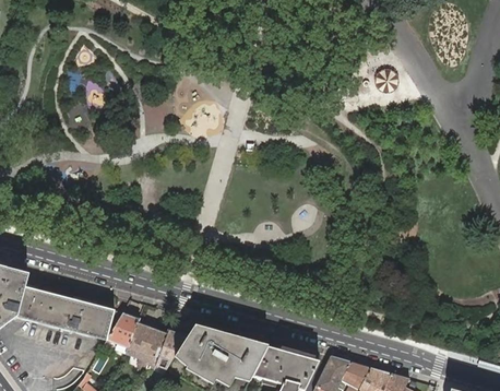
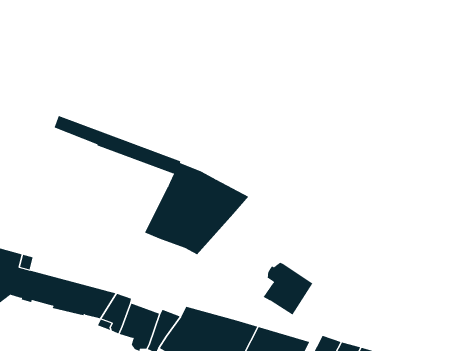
building: none -> [54,115,249,255]
building: none -> [263,262,313,316]

